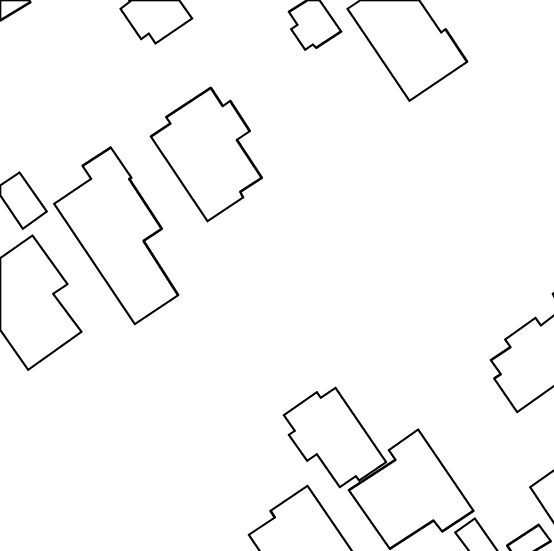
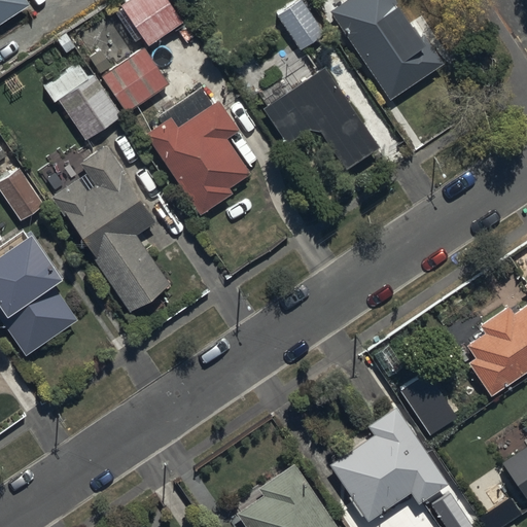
building: none -> [89,47,170,113]
building: none -> [259,64,378,167]
building: none -> [59,76,120,139]
building: [284,388,386,487] -> none
building: none -> [401,377,458,440]

